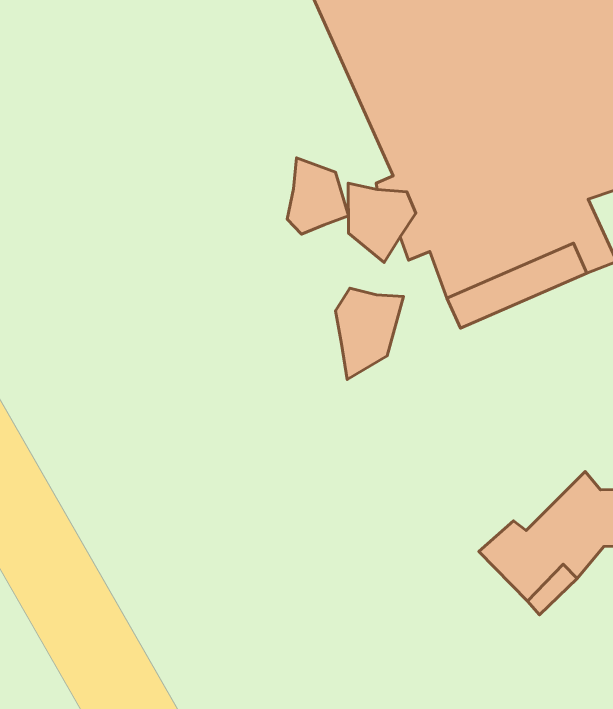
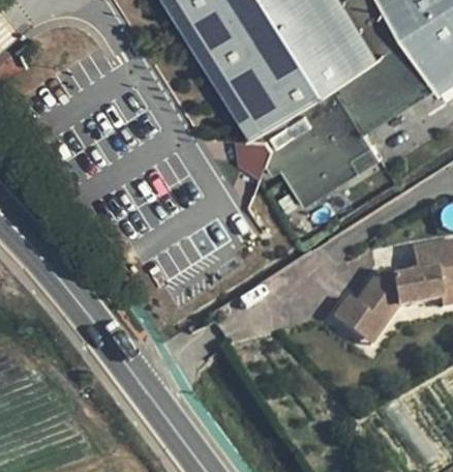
building: [287,158,348,234] -> none
building: [336,288,403,379] -> none

